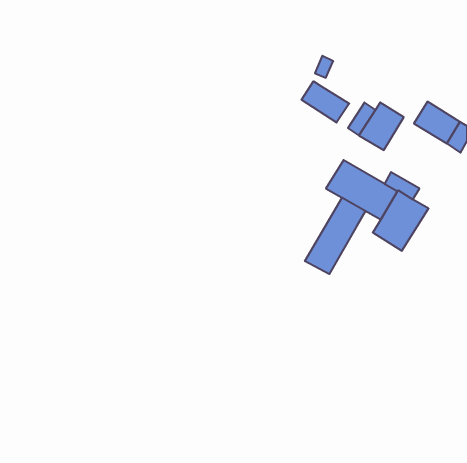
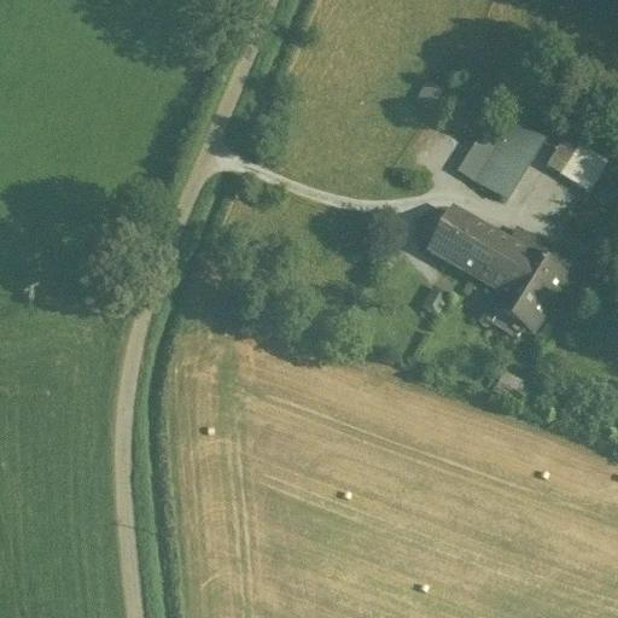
building: [302,81,349,123] -> none
building: none -> [501,118,542,154]
building: [305,198,366,274] -> none

